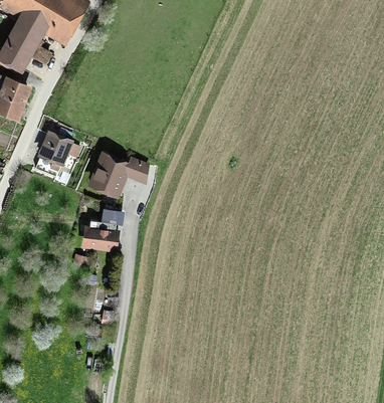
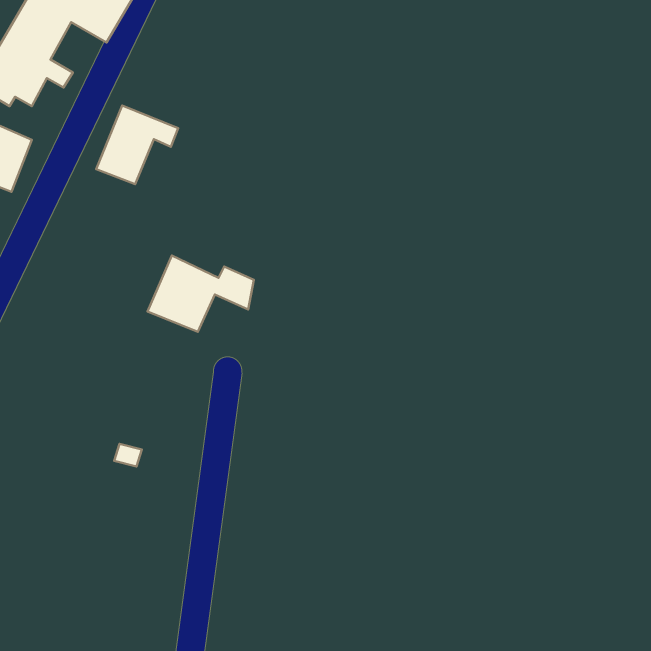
building: [34,133,78,175] -> [96,106,178,184]
building: [85,219,116,248] -> none

